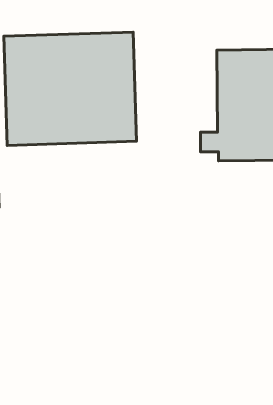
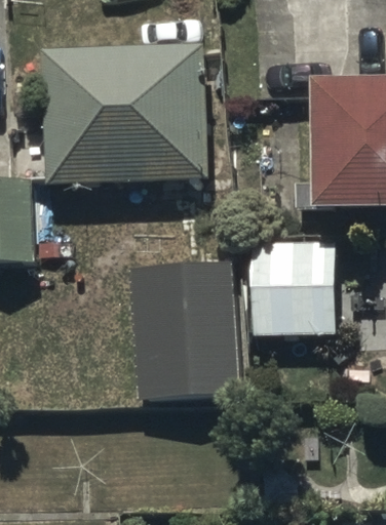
building: none -> [249,240,337,334]
building: none -> [128,250,235,393]

